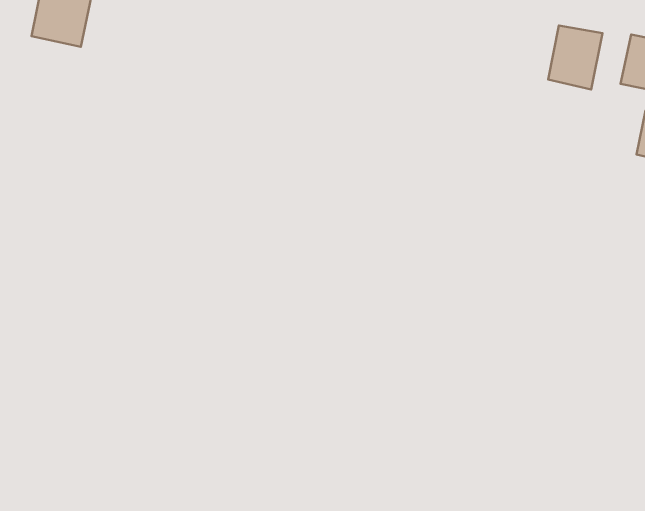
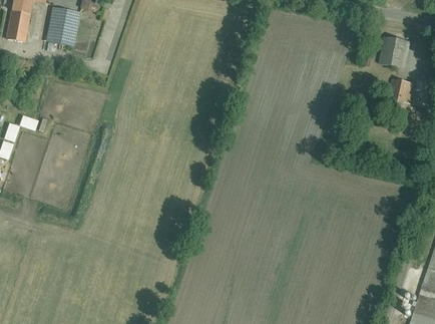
building: [548,25,602,89] -> none

